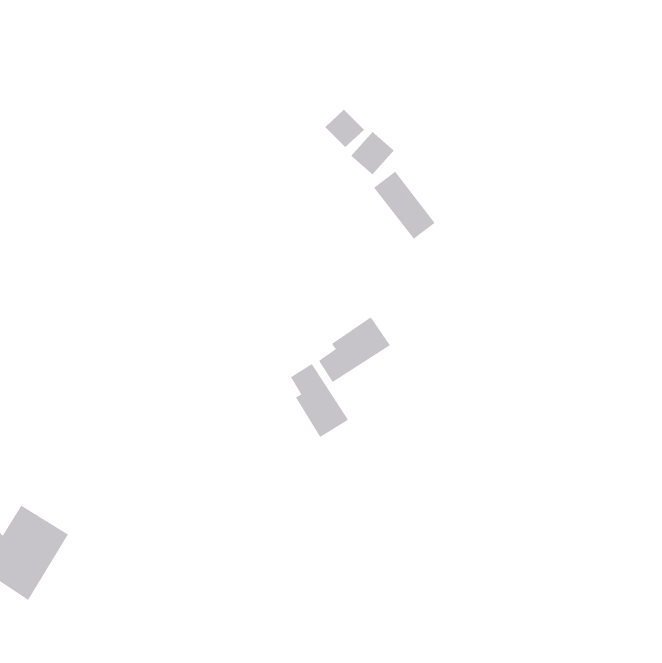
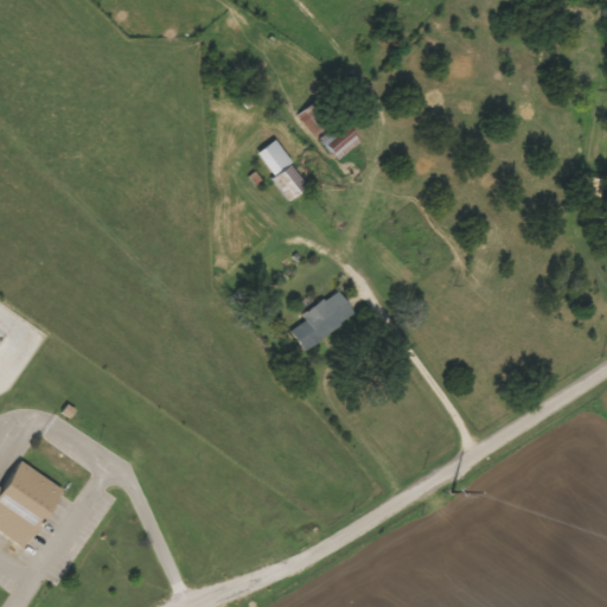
building: [373,171,436,240] -> [253,138,309,200]
building: [290,363,349,438] -> none

